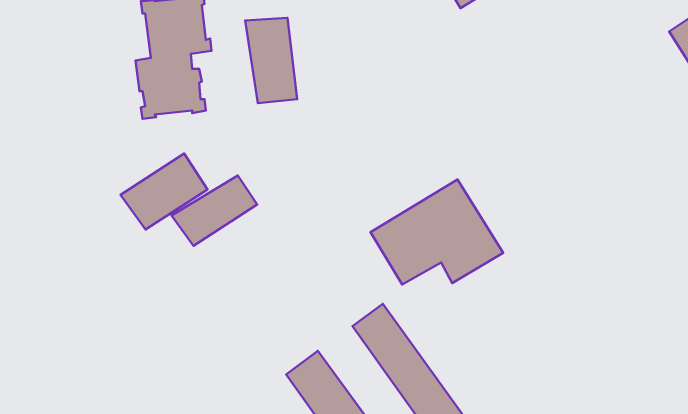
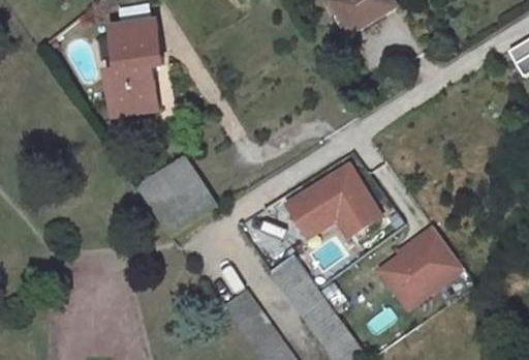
building: [245,18,297,103] -> none
building: [121,154,208,230] -> [151,179,216,236]
building: none -> [376,223,466,310]

